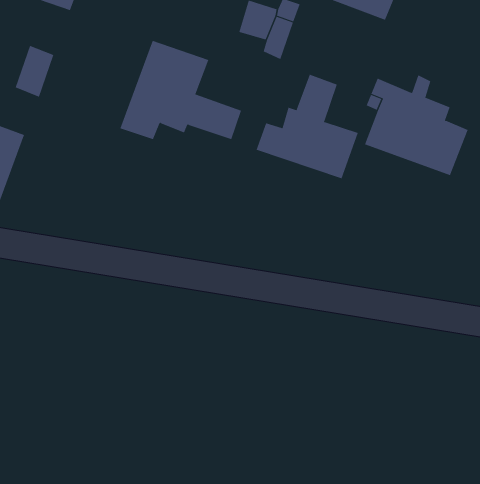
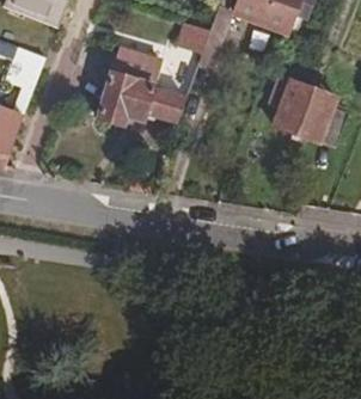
building: [256,74,358,179] -> none

